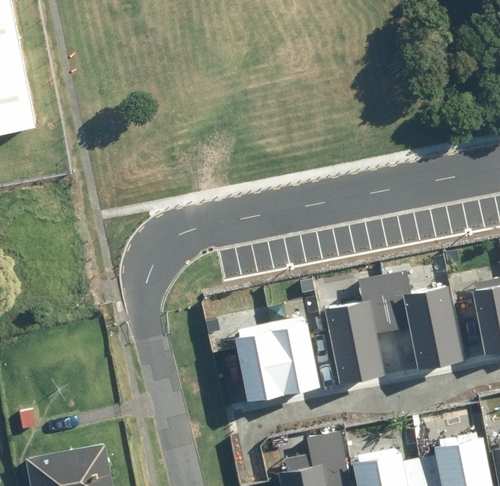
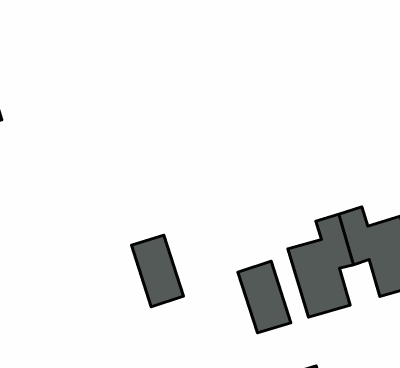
building: [234,328,283,402] -> [132,235,184,307]

